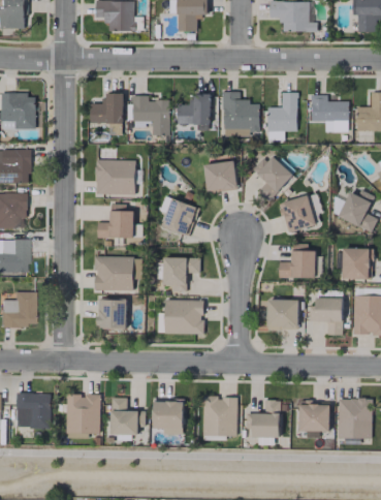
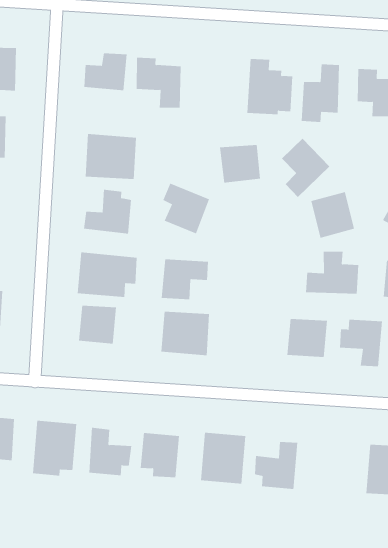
building: [177,93,211,124] -> none
building: [298,403,329,431] -> none

